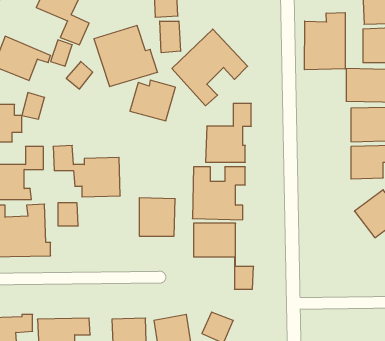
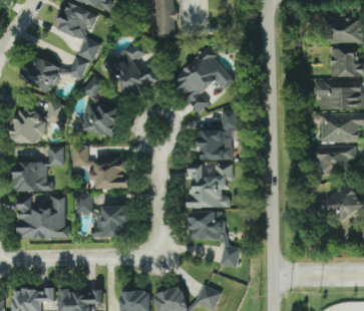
building: [304,13,345,70] -> none
building: [160,21,181,53] -> none
building: [130,80,175,121] -> [81,102,119,136]
building: [139,198,175,236] -> [96,205,126,237]

